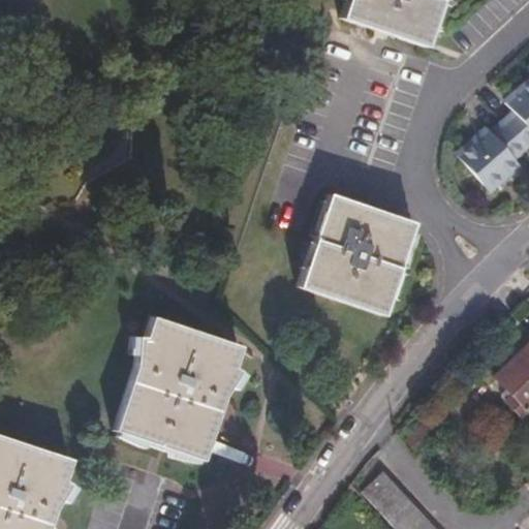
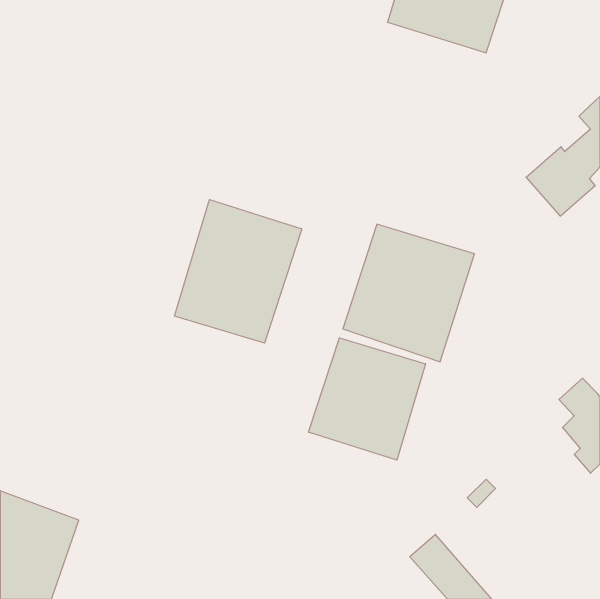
building: none -> [175,200,302,343]
building: none -> [309,338,425,460]
building: [115,312,243,458] -> none

